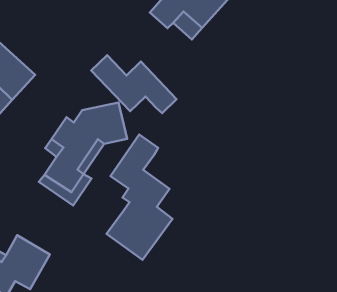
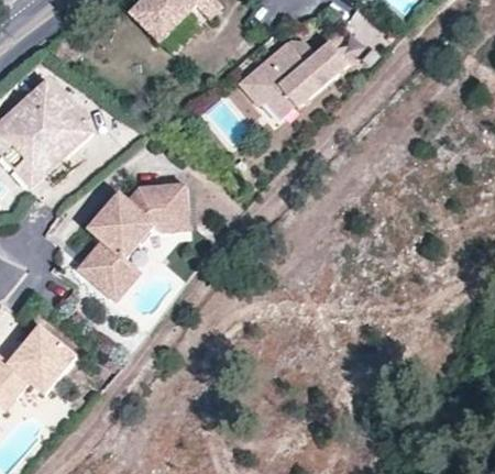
building: [91,55,177,113] -> none
building: [106,135,172,260] -> none

